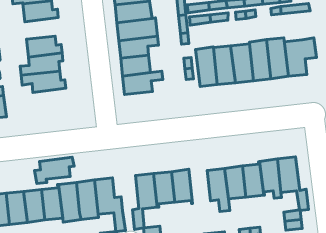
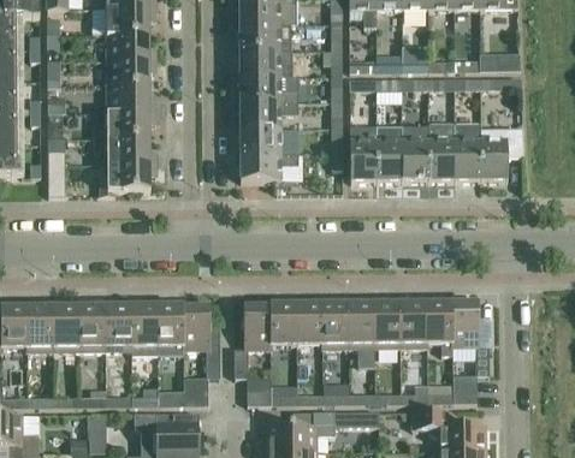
building: none -> [106,59,155,85]
building: [35,157,74,183] -> [99,162,156,195]
building: none -> [321,298,348,349]

